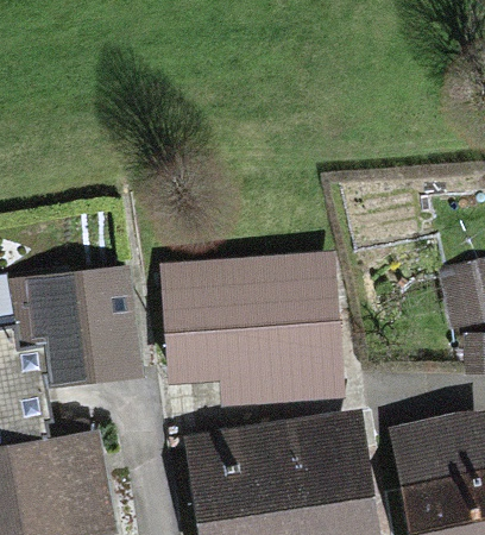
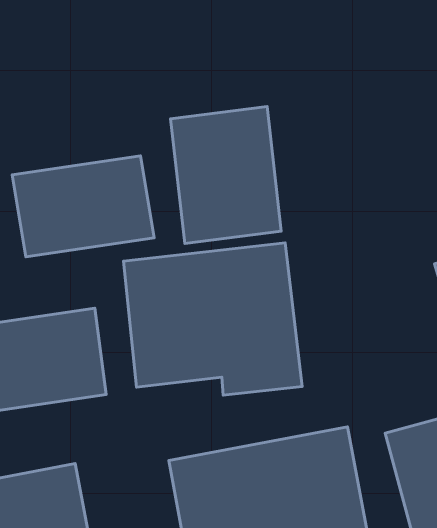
building: none -> [171,106,281,243]
building: none -> [12,156,154,257]

